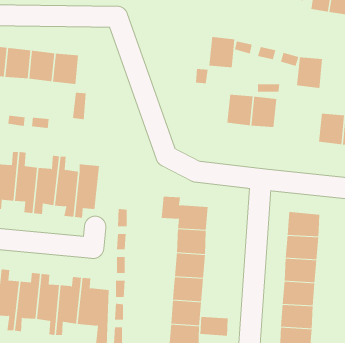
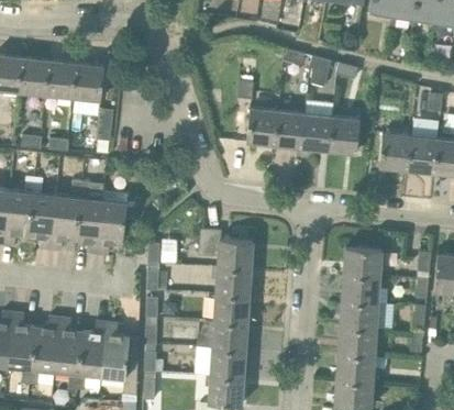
building: [209,36,235,68] -> [246,109,277,145]
building: [296,57,323,88] -> [329,118,359,154]
building: [200,316,228,336] -> none

